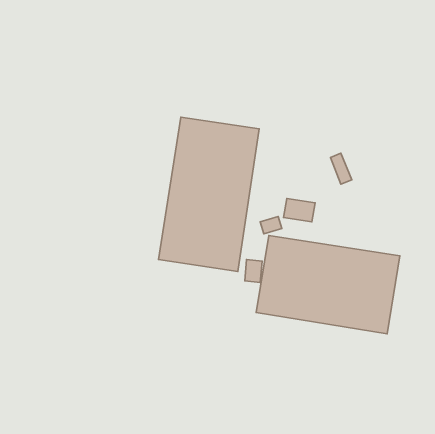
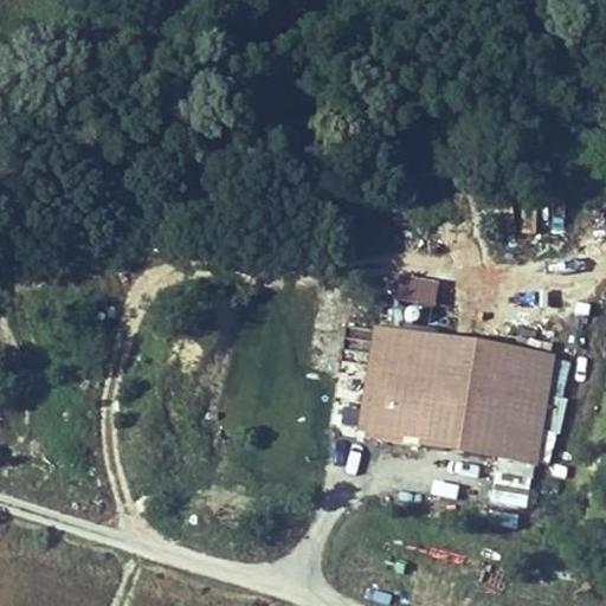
building: [159,117,259,271] -> none

